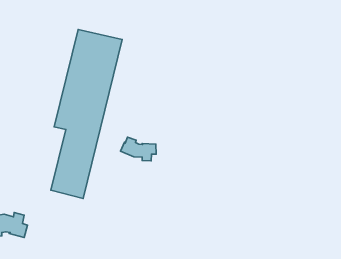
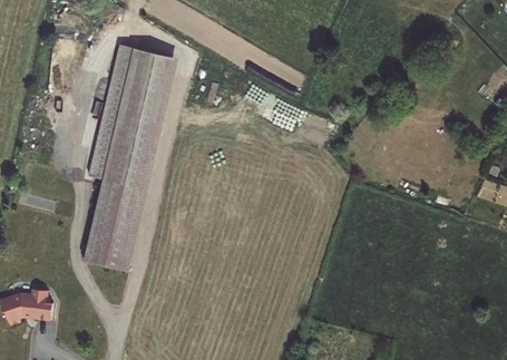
building: [121,137,156,161] -> none

